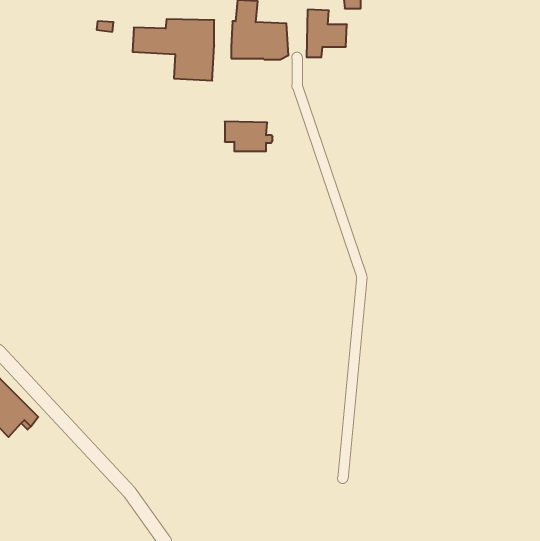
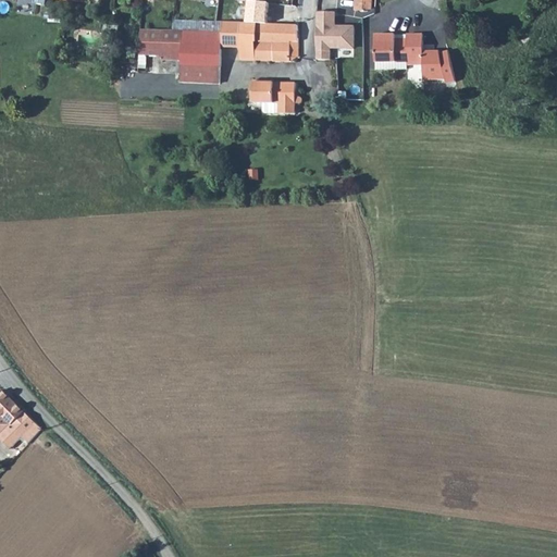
building: none -> [220,21,238,48]
building: none -> [373,34,454,84]
building: [225,122,273,151] -> [250,82,299,112]

